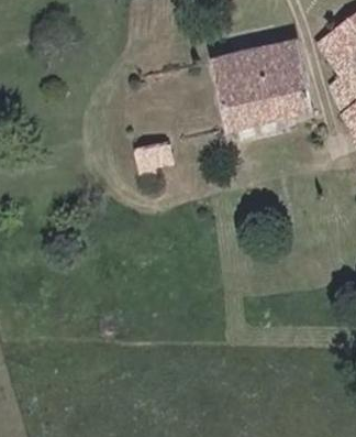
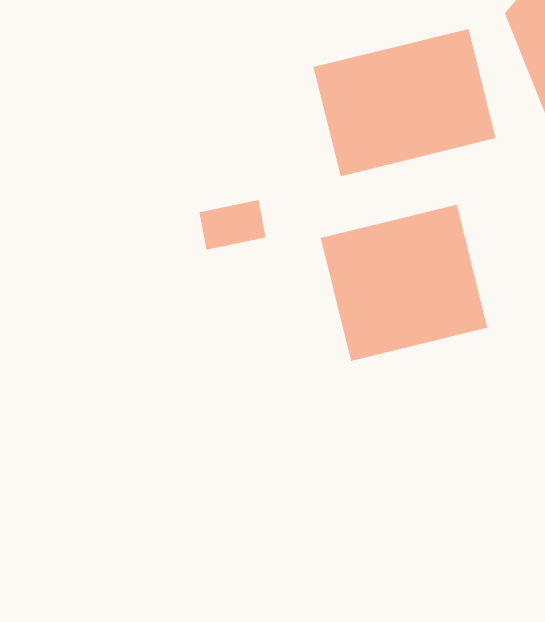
building: none -> [320,204,488,362]

